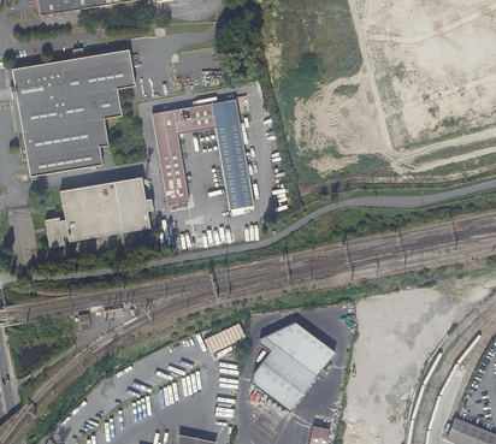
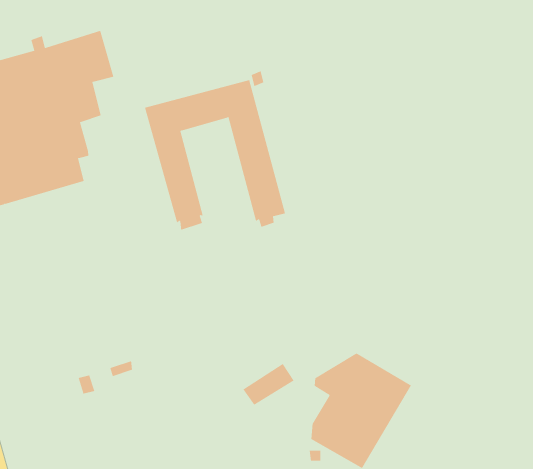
building: [45,177,152,247] -> none

